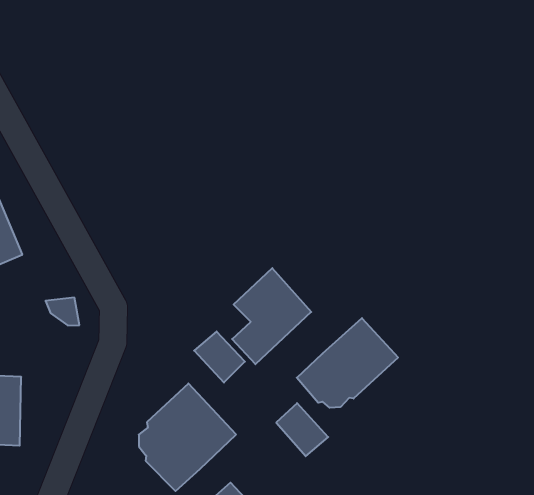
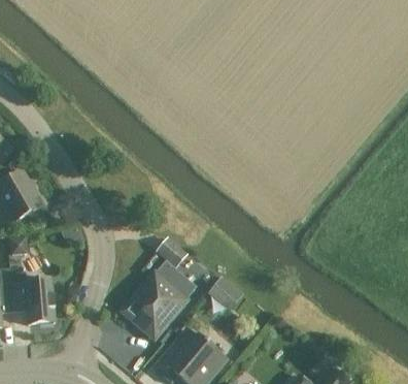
building: [232,268,311,364] -> none
building: [297,318,398,408] -> none

